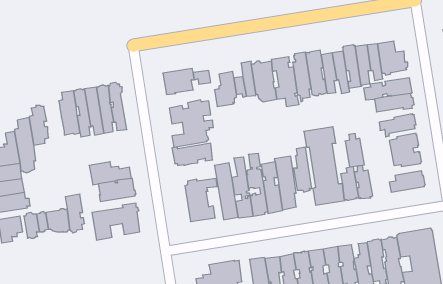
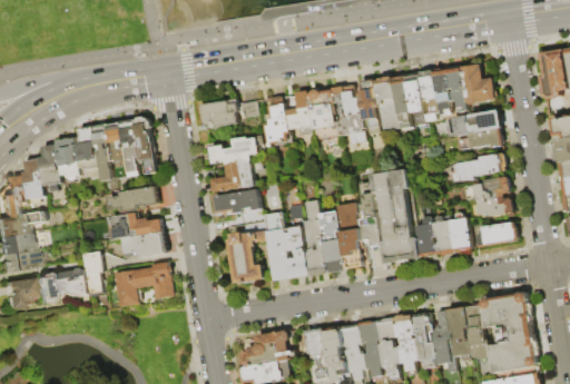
building: none -> [55,138,80,180]
building: [345,134,364,167] -> [448,213,471,253]
building: none -> [106,186,157,213]

